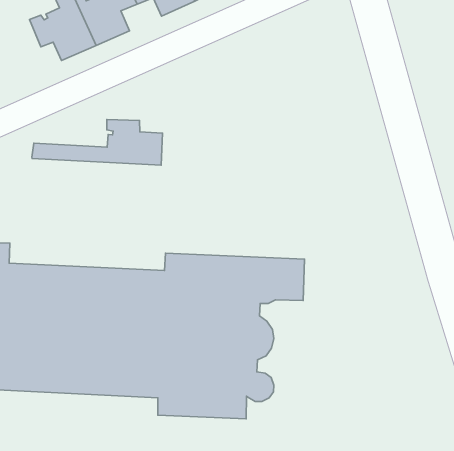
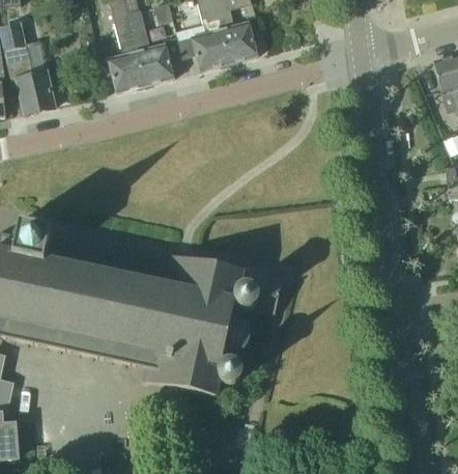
building: [32,120,162,165] -> none

